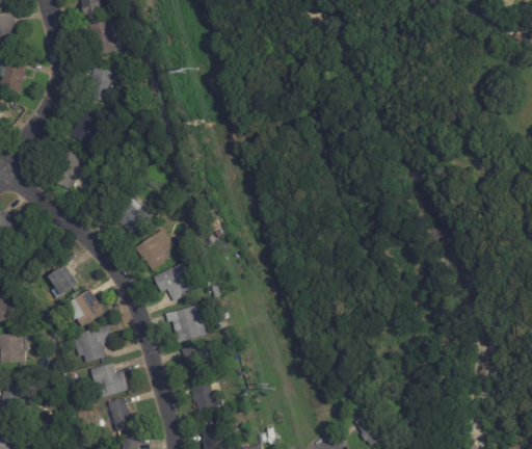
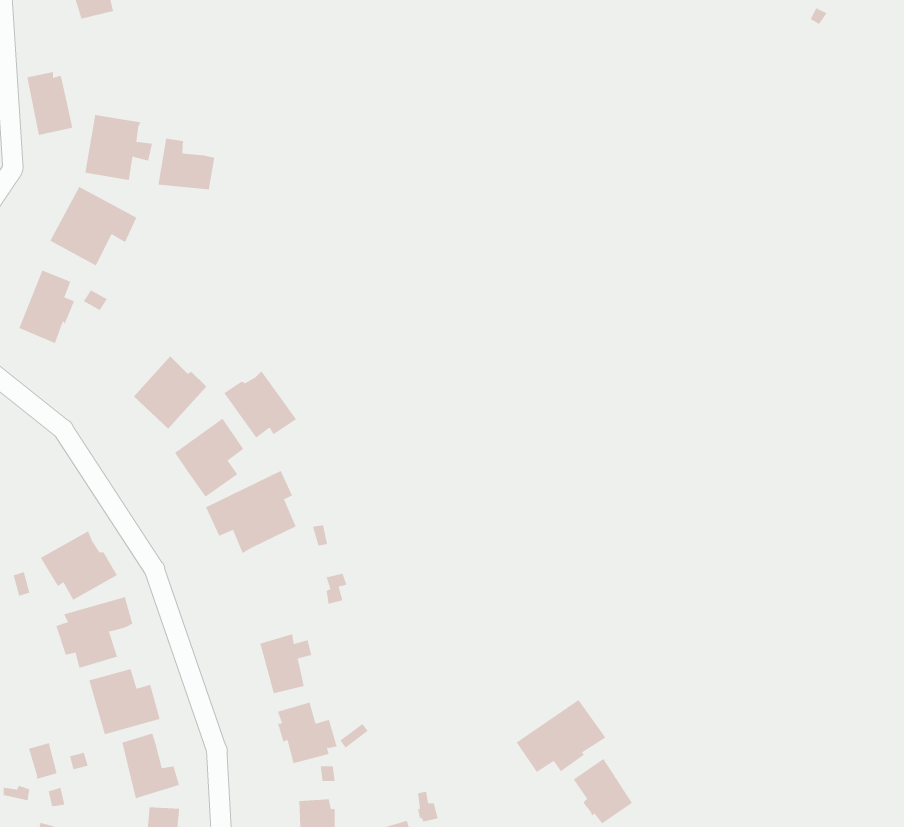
building: [95,19,119,53] -> [27,71,73,136]
building: none -> [158,138,215,190]
building: none -> [224,370,297,438]
building: [49,265,78,295] -> none
building: [164,305,206,342] -> none
building: none -> [516,699,606,773]

